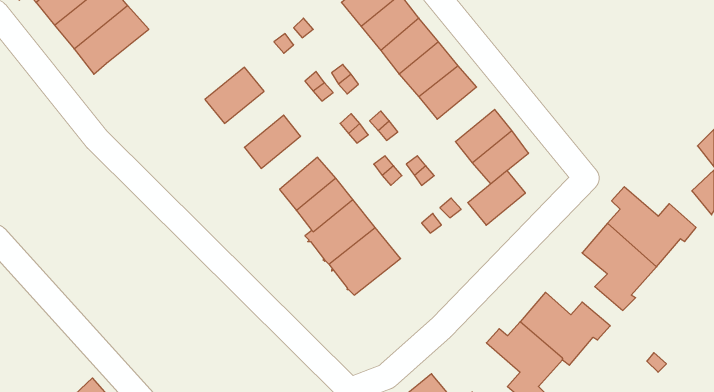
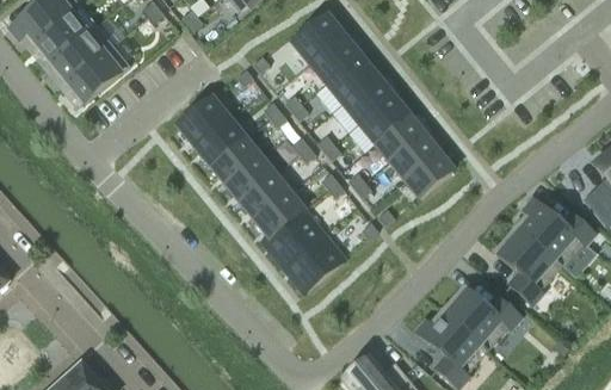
building: none -> [195,117,245,165]
building: none -> [226,155,273,200]
building: [468,170,525,225] -> [375,113,424,160]

